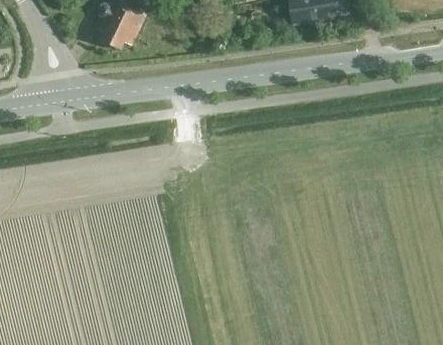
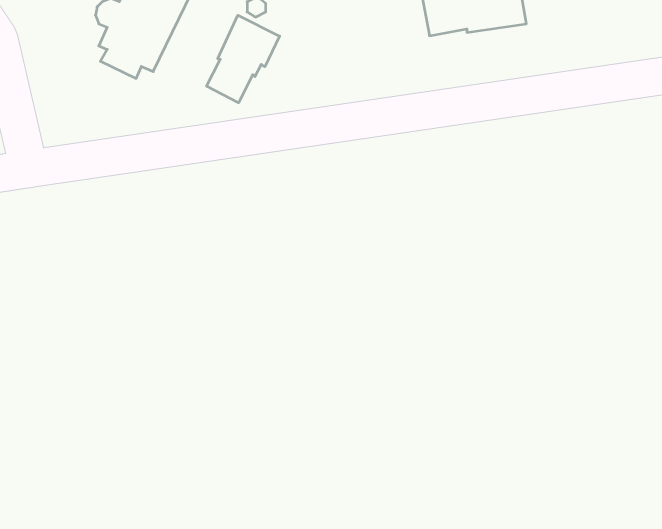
building: none -> [207,15,280,103]

